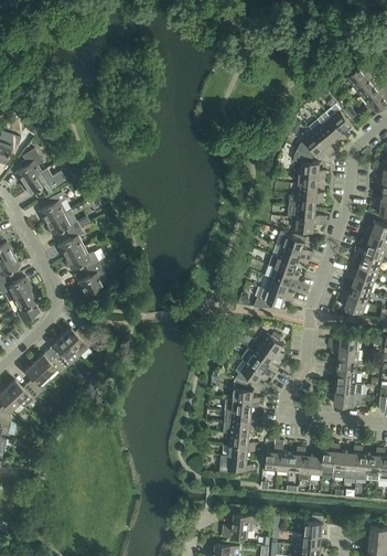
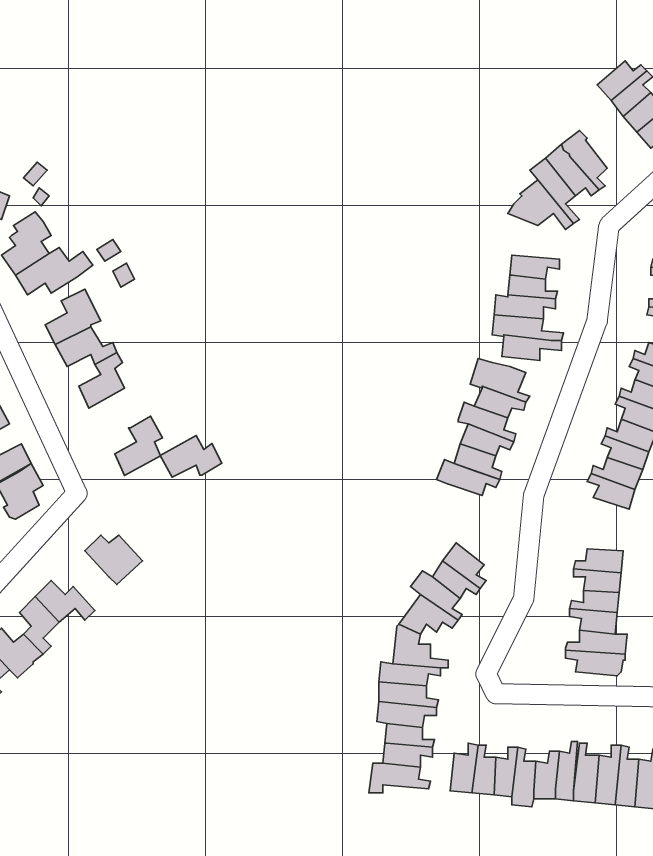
building: [292,150,324,175] -> none
building: [63,247,97,270] -> [160,436,222,477]
building: [52,338,78,371] -> none

